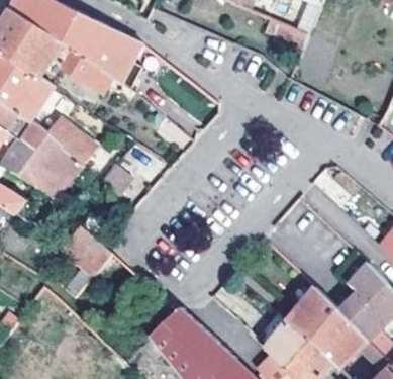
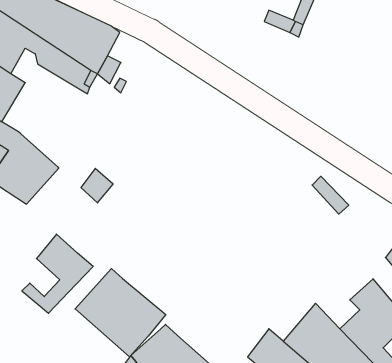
building: [46,121,94,164] -> none
building: none -> [75,269,166,357]

